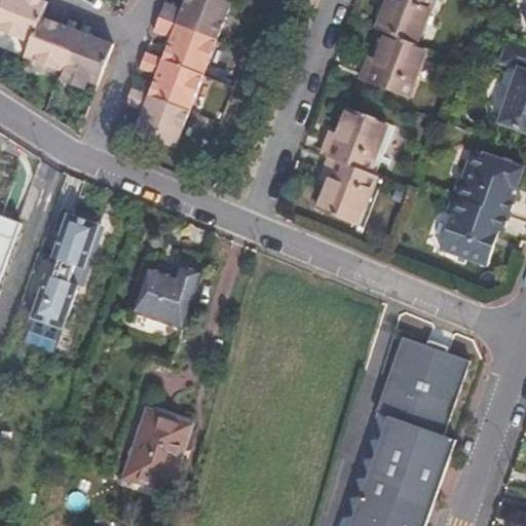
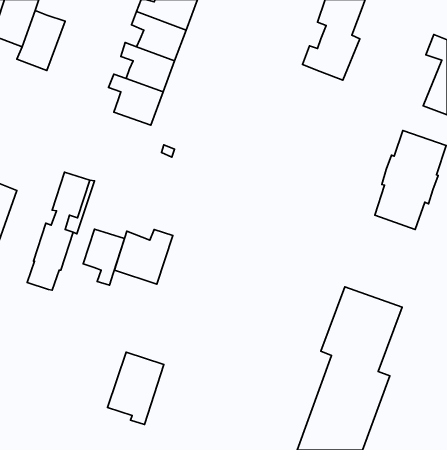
building: [54,25,113,96] -> none
building: [309,106,380,223] -> none
building: none -> [83,229,125,285]

